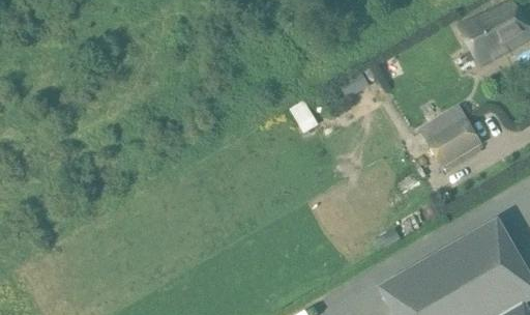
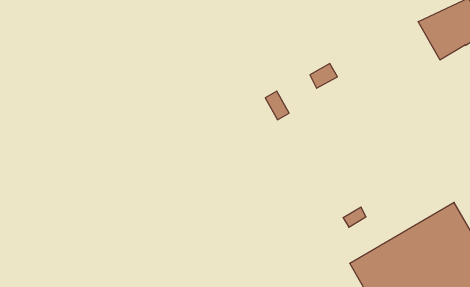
building: [426,116,479,164] -> none

